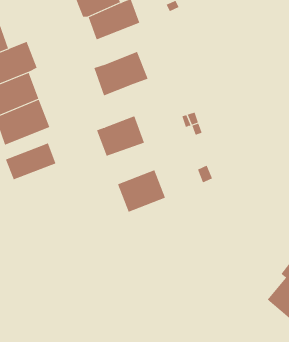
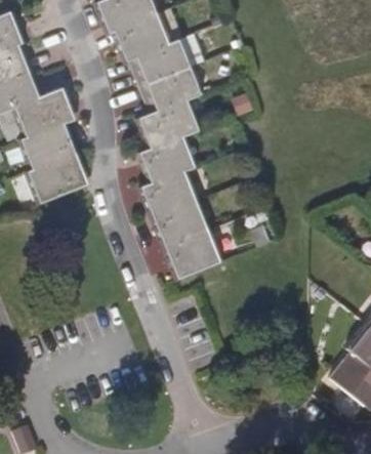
building: none -> [139,67,199,113]
building: none -> [138,135,194,183]
building: [5,143,56,180] -> none
building: none -> [151,201,205,247]

